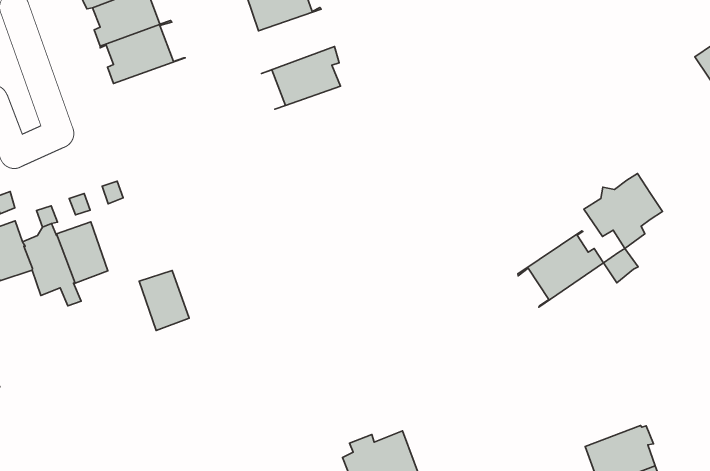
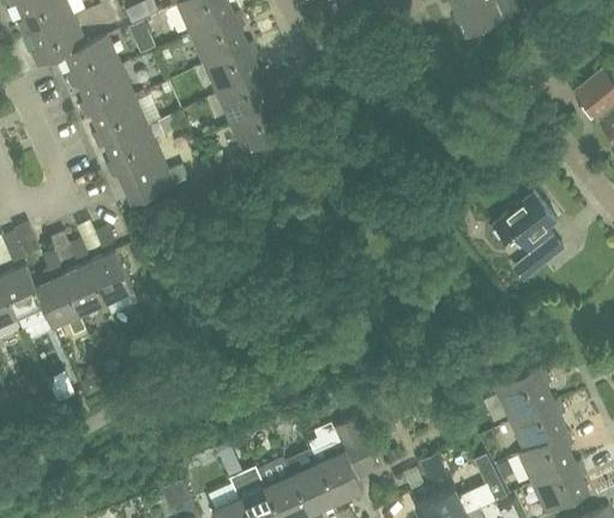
building: none -> [207,74,279,131]
building: none -> [100,122,183,206]
building: [518,231,604,307] -> none
building: [139,270,189,330] -> [89,252,132,302]
building: none -> [494,365,553,420]

